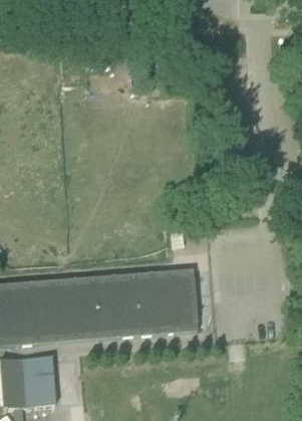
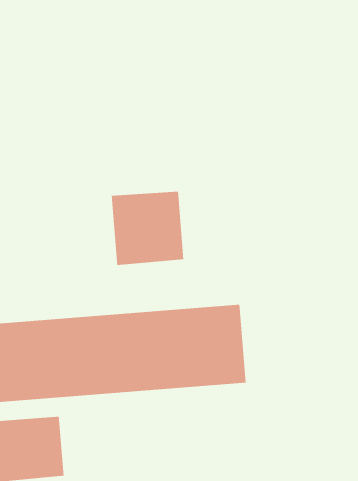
building: none -> [111,191,184,266]

